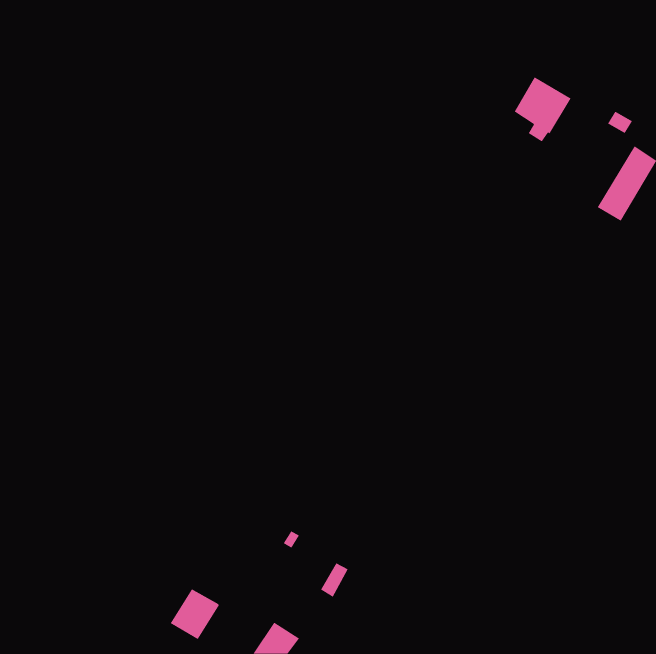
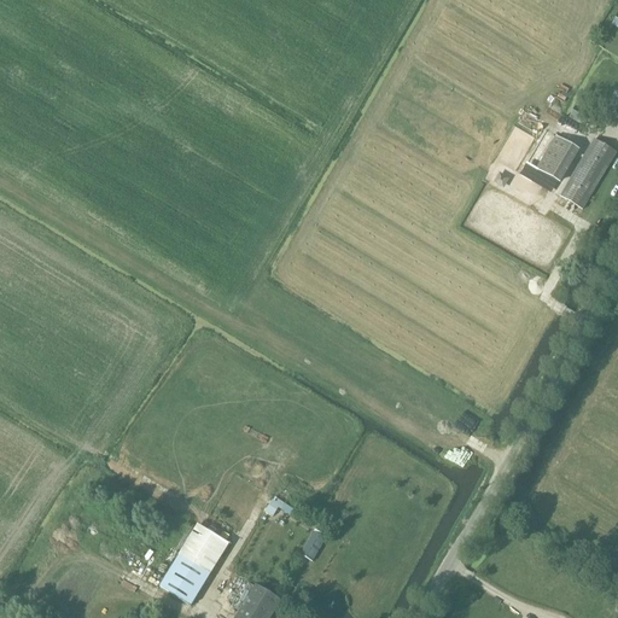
building: [514,77,572,142] -> [527,128,582,190]
building: none -> [181,524,223,566]

